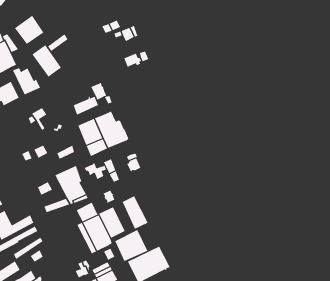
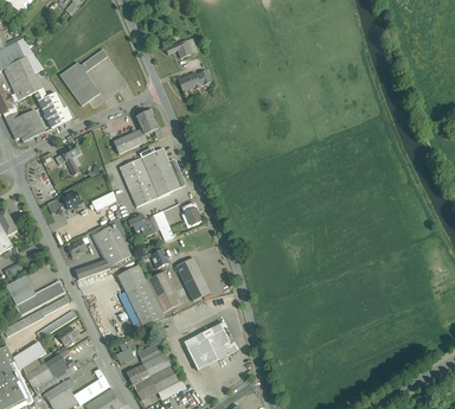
building: [14,15,44,45] -> none
building: [114,229,148,262] -> none

